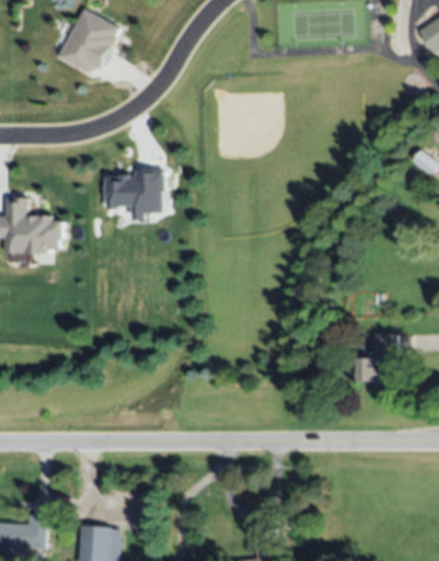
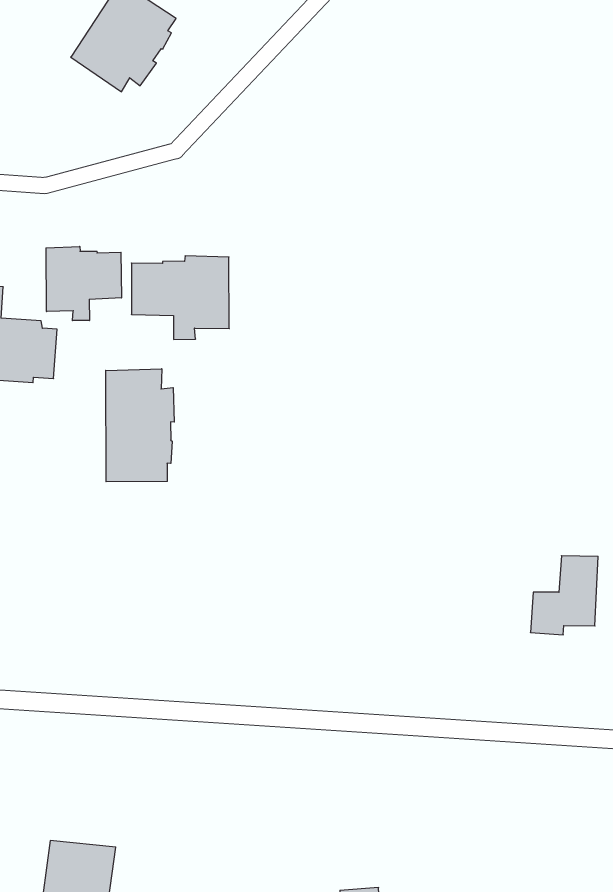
building: none -> [46,246,121,321]
building: none -> [106,369,174,482]

